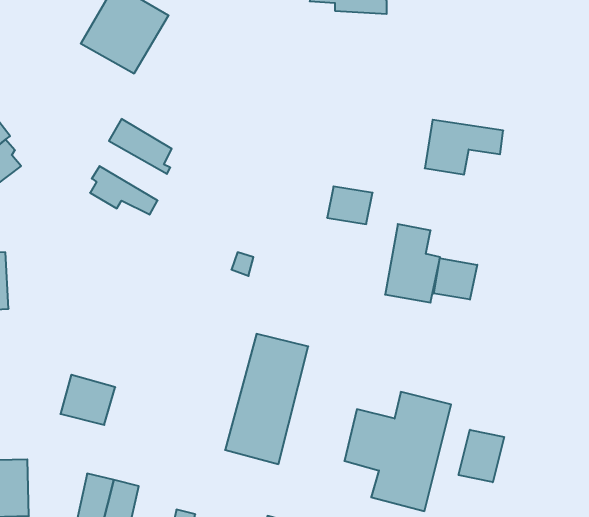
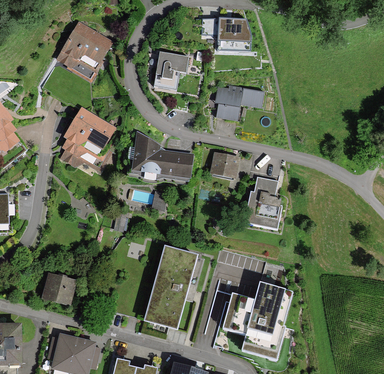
building: none -> [155,50,190,87]
building: [425,120,503,175] -> [213,84,263,119]
building: none -> [65,123,110,161]
building: none -> [136,131,195,177]
building: [434,258,477,300] -> none
building: [459,430,504,482] -> none

